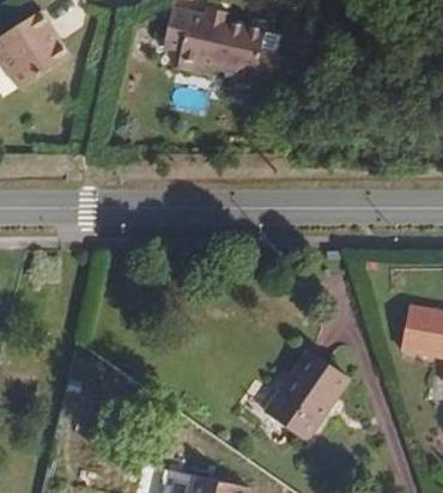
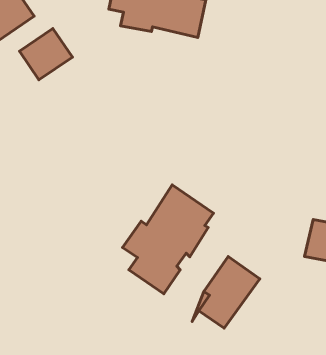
building: none -> [19,28,72,80]
building: none -> [122,185,213,294]

